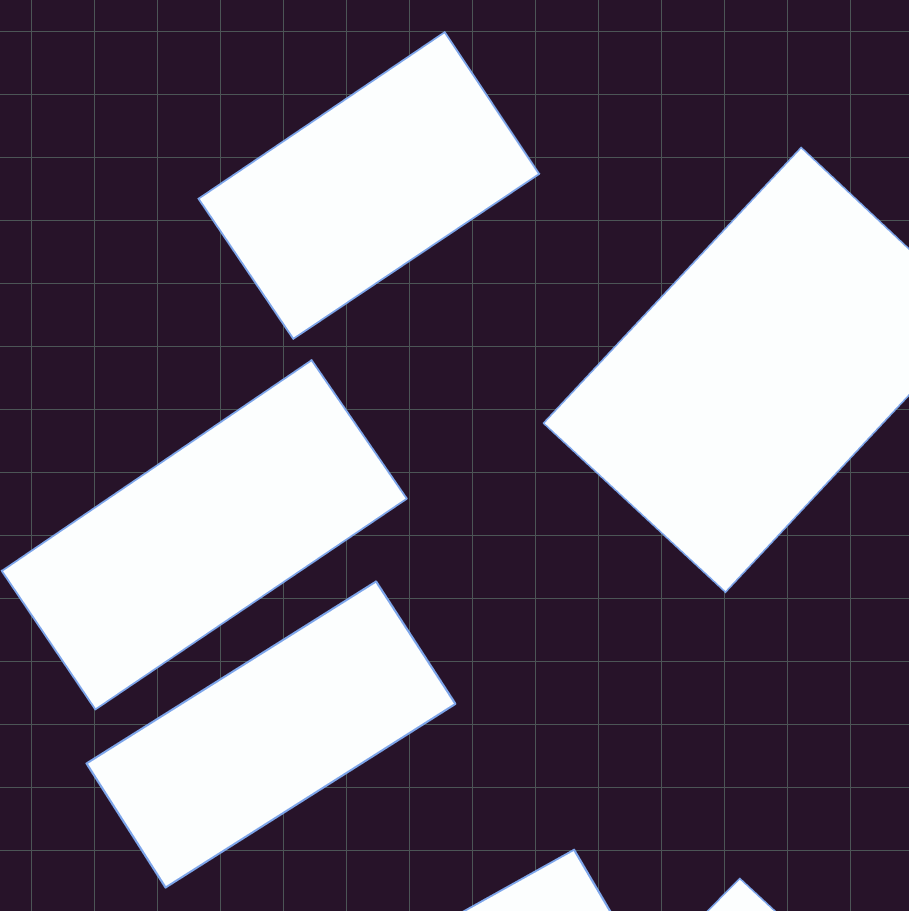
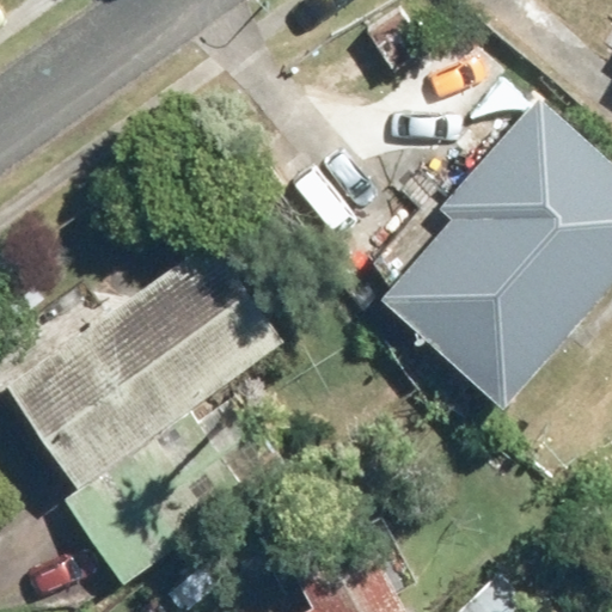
building: [198,32,539,339] -> none

